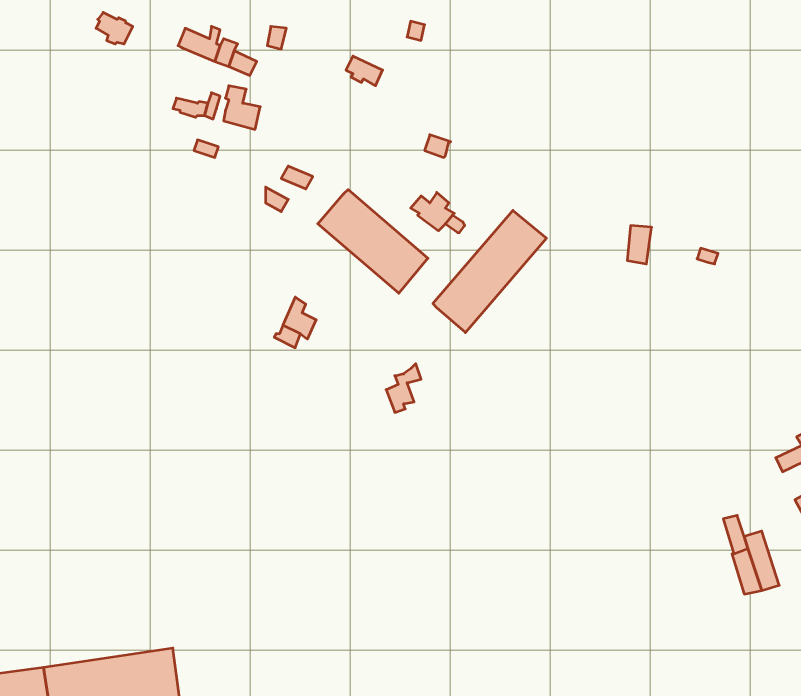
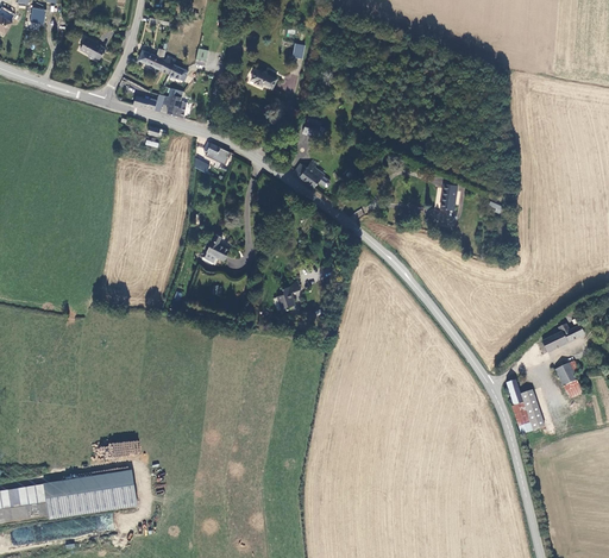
building: [318,190,428,293] -> none
building: [433,210,546,333] -> none

